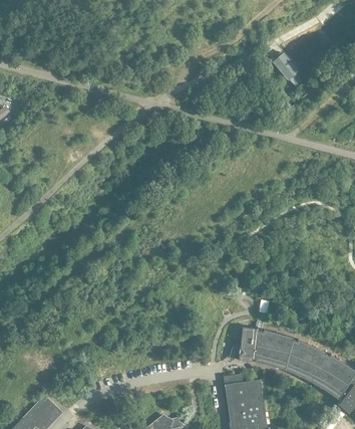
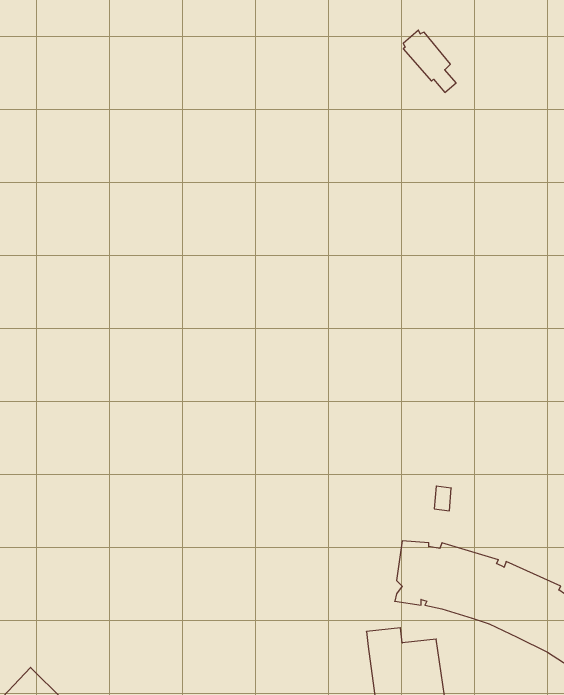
building: [274,53,302,86] -> [403,30,456,92]

